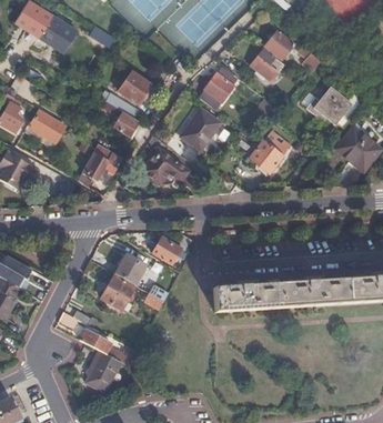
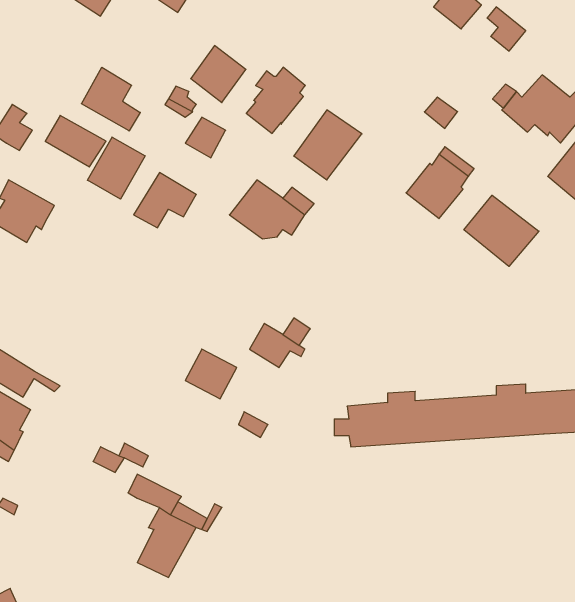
building: [251,50,283,81] -> none
building: [199,68,234,108] -> [246,67,305,133]
building: none -> [81,67,140,131]
building: none -> [87,137,145,199]
building: none -> [464,195,539,266]
building: [102,275,133,308] -> none

